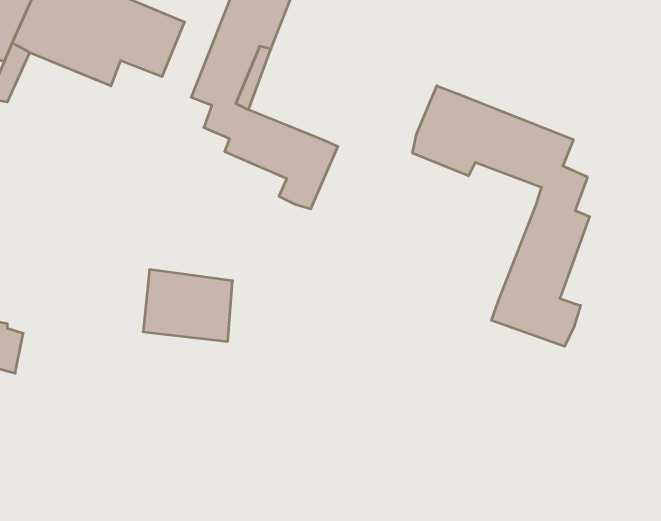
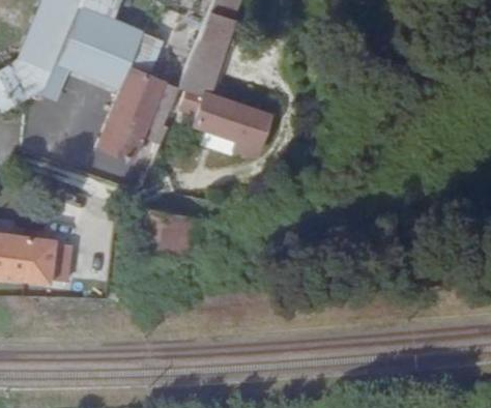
building: none -> [97,70,164,162]
building: [413,86,590,346] -> none

